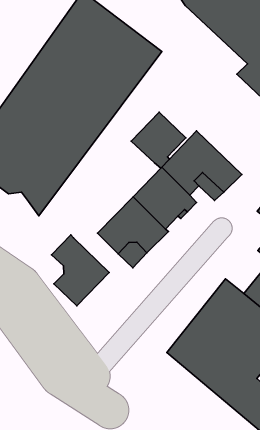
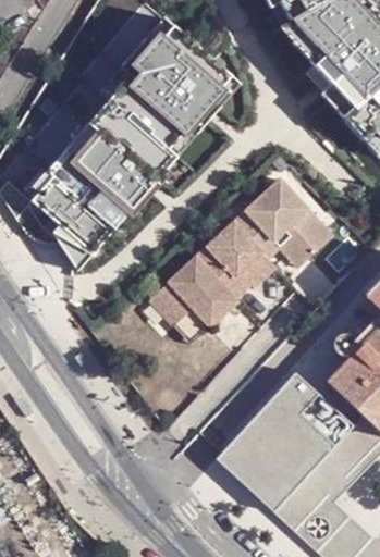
building: [131,112,186,168] -> none
building: [52,235,109,306] -> none

